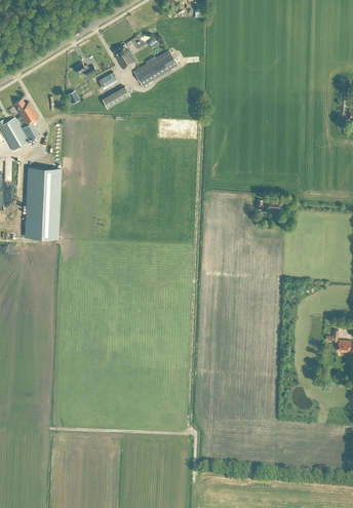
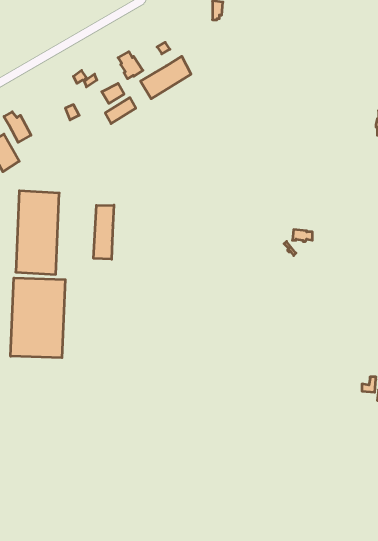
building: none -> [94,205,114,259]
building: none -> [11,278,65,358]

